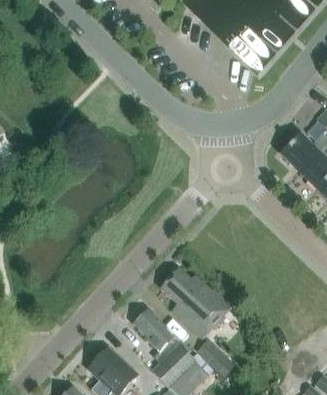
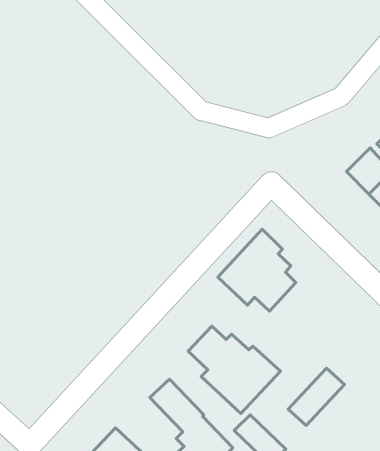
building: none -> [218,229,296,311]
building: none -> [288,368,345,426]

